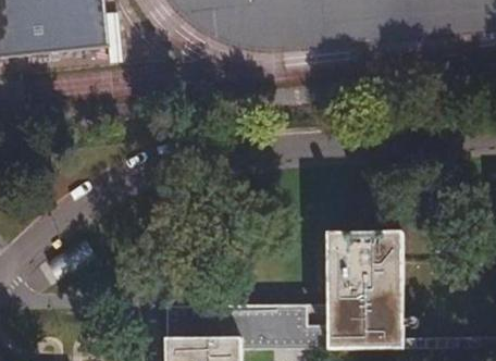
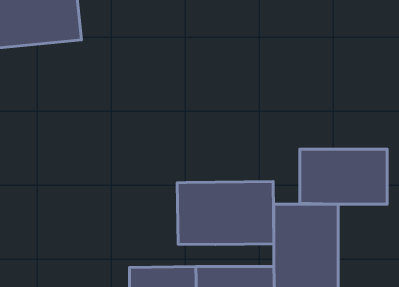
building: none -> [300,149,387,204]
building: none -> [177,182,274,245]

